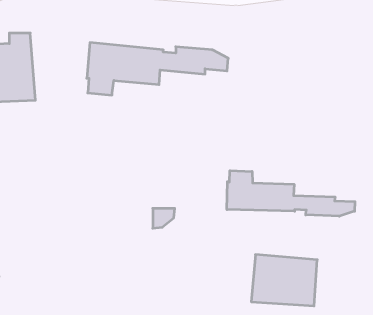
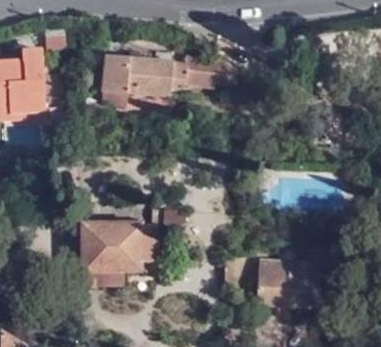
building: [227,171,355,216] -> none
building: none -> [81,223,151,286]

